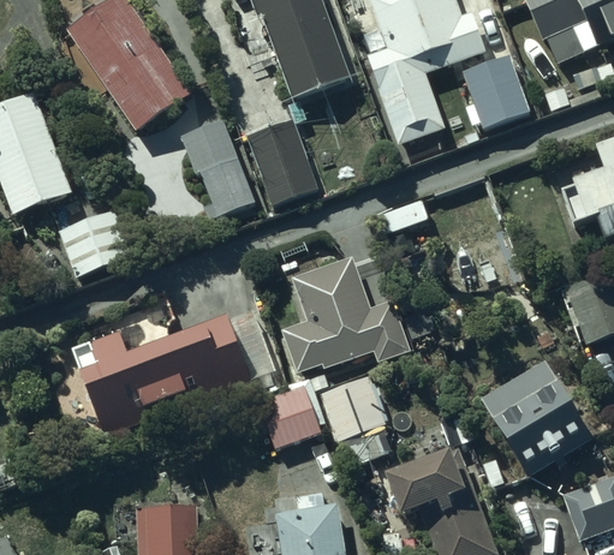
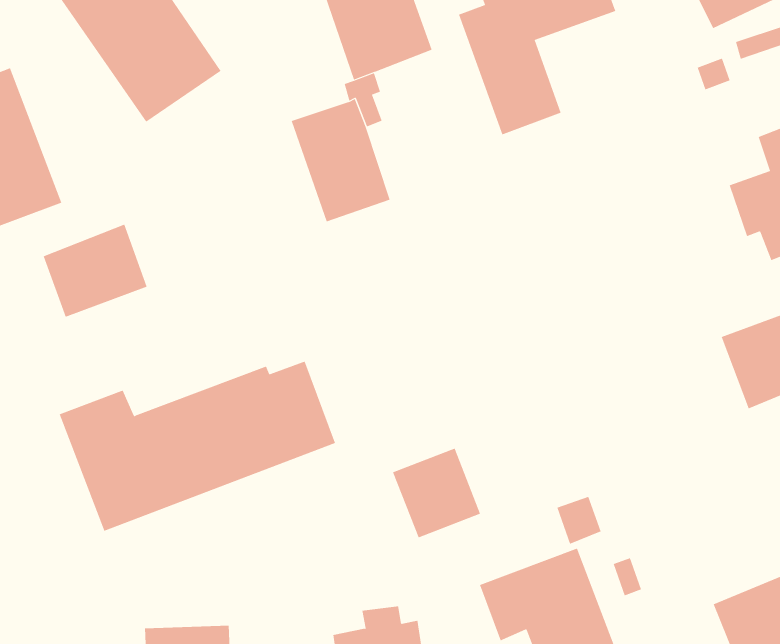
building: [465,53,531,126] -> none
building: [179,121,256,222] -> none
building: [280,257,410,372] -> none
building: [484,364,590,473] -> none
building: [256,374,329,448] -> none

